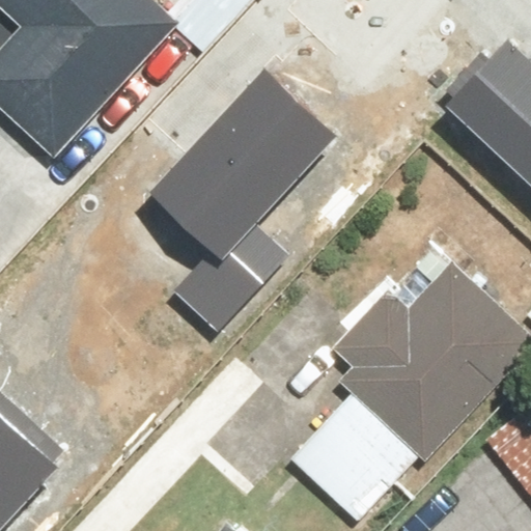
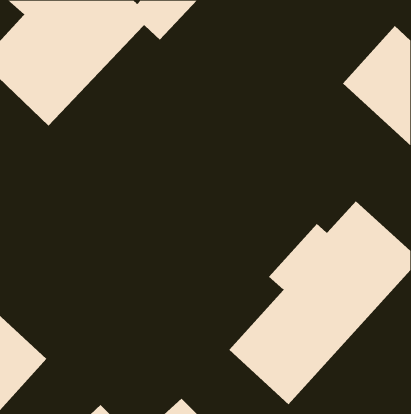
building: [145,71,331,331] -> none

